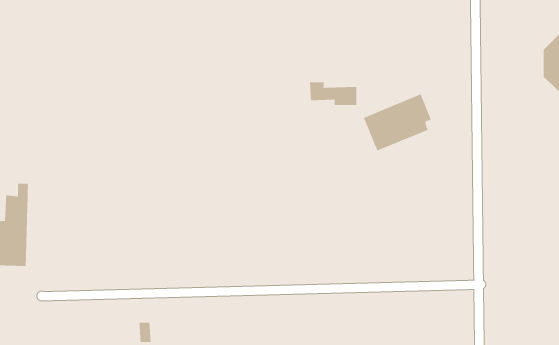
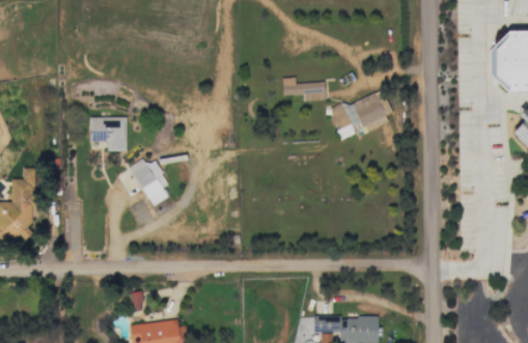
building: none -> [90,116,127,150]
building: none -> [129,158,169,205]

